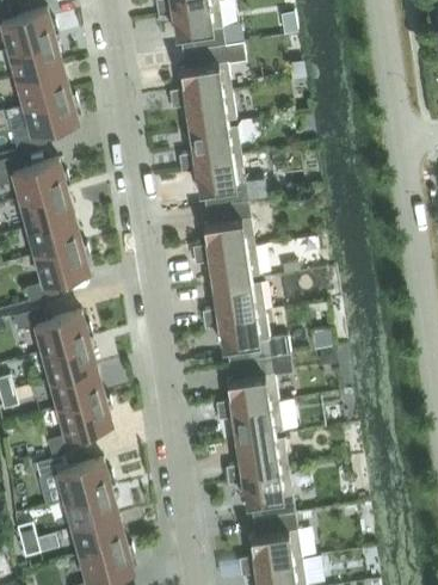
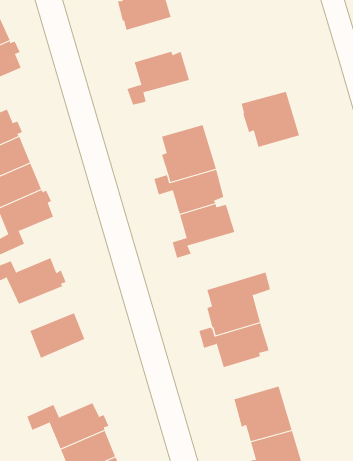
building: [168,90,236,131] -> none
building: [195,156,248,208] -> [241,91,300,147]
building: [217,312,290,364] -> none
building: [43,341,97,381] -> none
building: [48,396,112,455] -> none
building: [226,437,288,486] -> none

